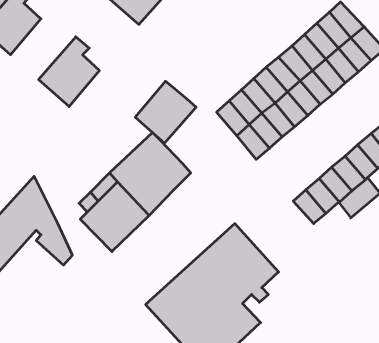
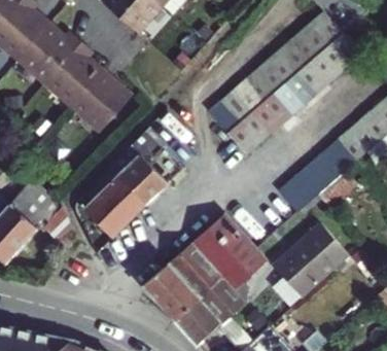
building: none -> [20,26,79,81]
building: [135,81,196,143] -> [73,73,129,130]
building: none -> [269,219,345,294]

